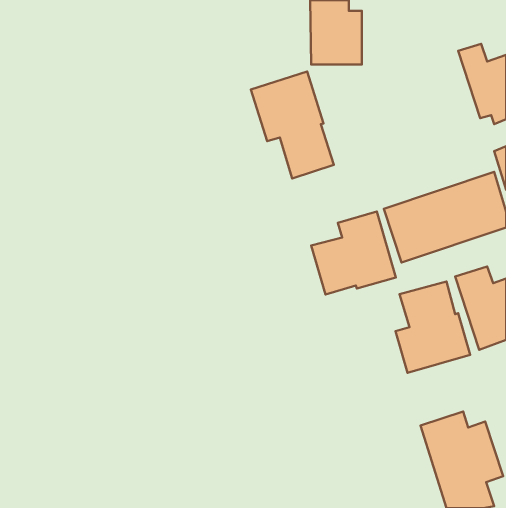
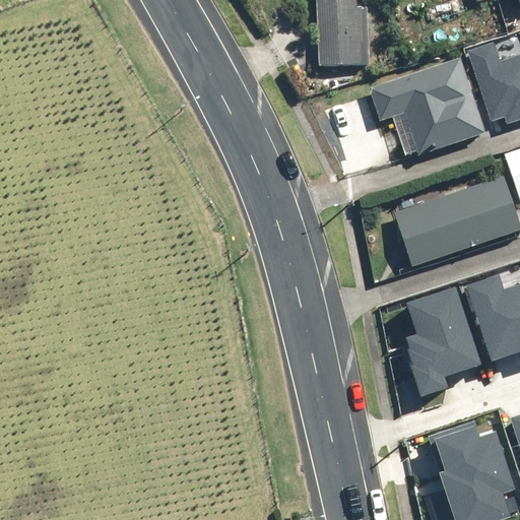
building: none -> [367,57,488,154]
building: [251,72,334,179] -> none
building: [311,212,396,295] -> none

